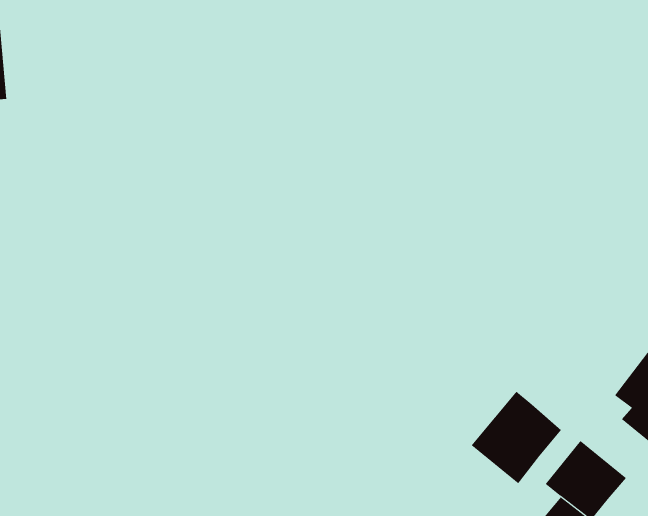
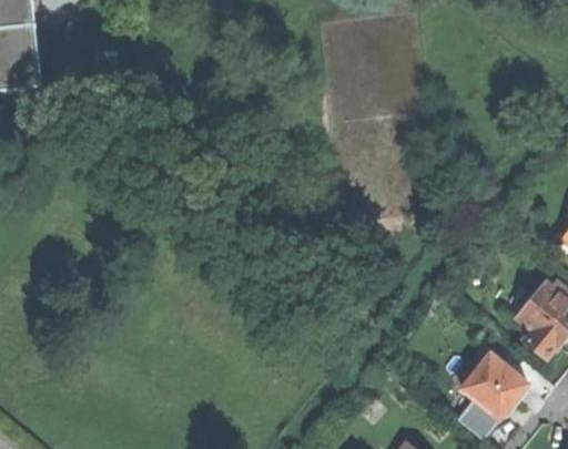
building: [471,391,562,484] -> none

